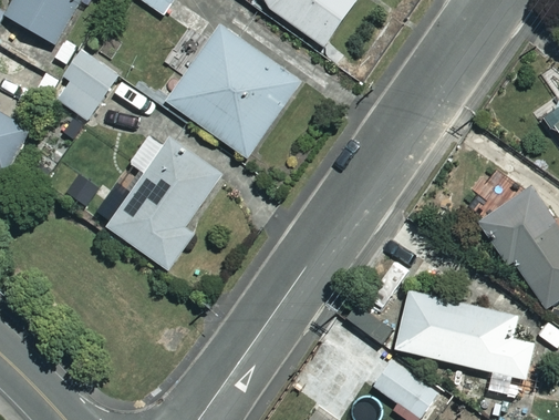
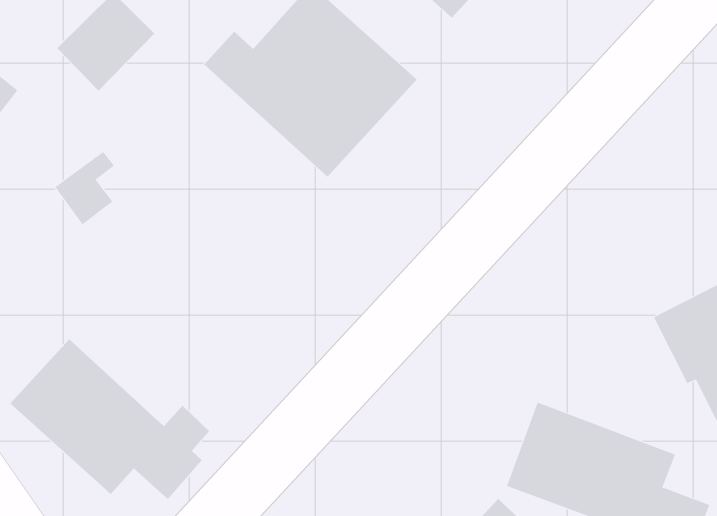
building: [108,132,218,269] -> none
building: none -> [10,339,210,500]

